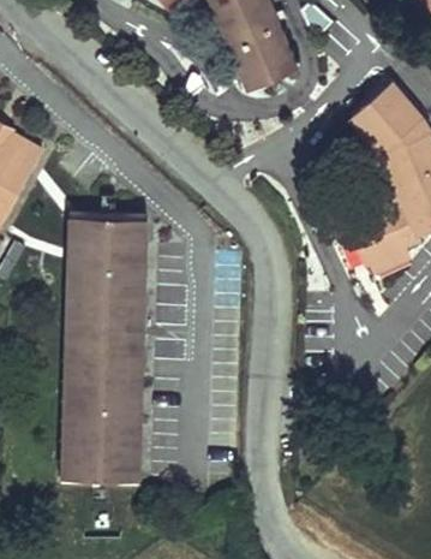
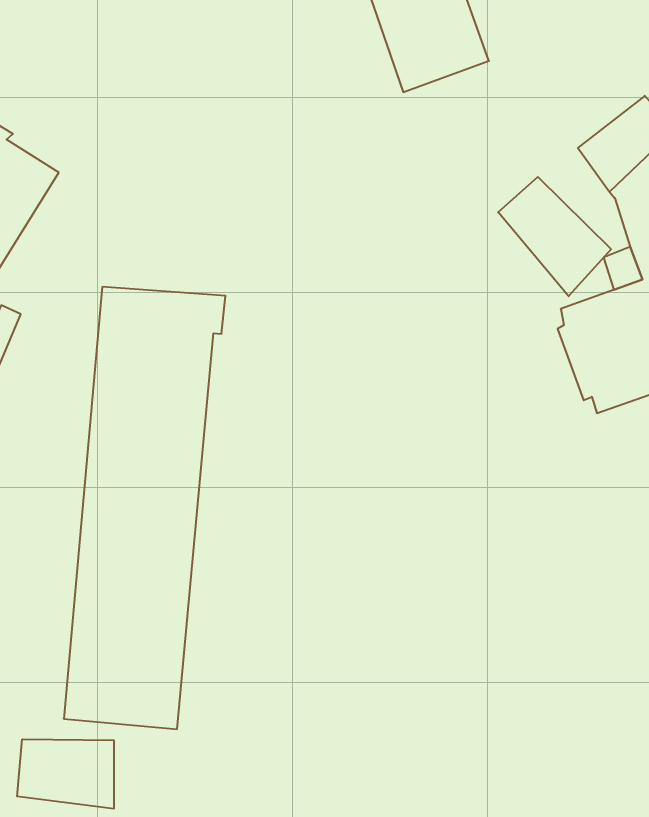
building: none -> [498,177,611,296]
building: none -> [17,739,114,809]

